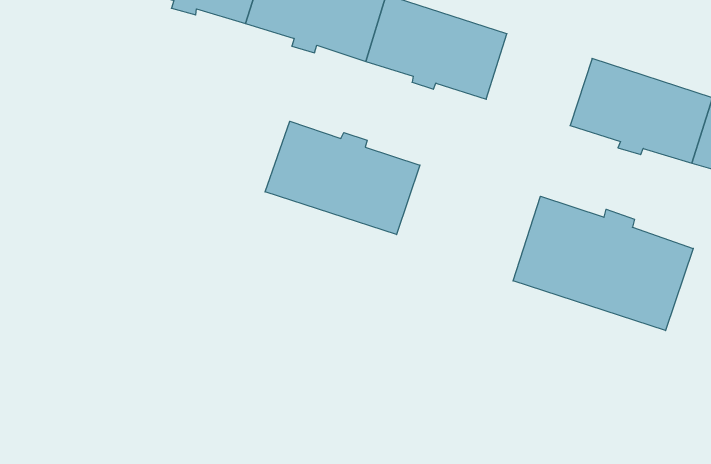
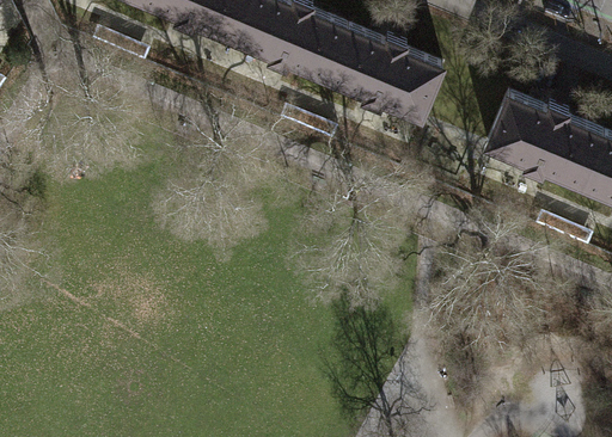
building: [265,121,420,235] -> none
building: [513,196,693,331] -> none

